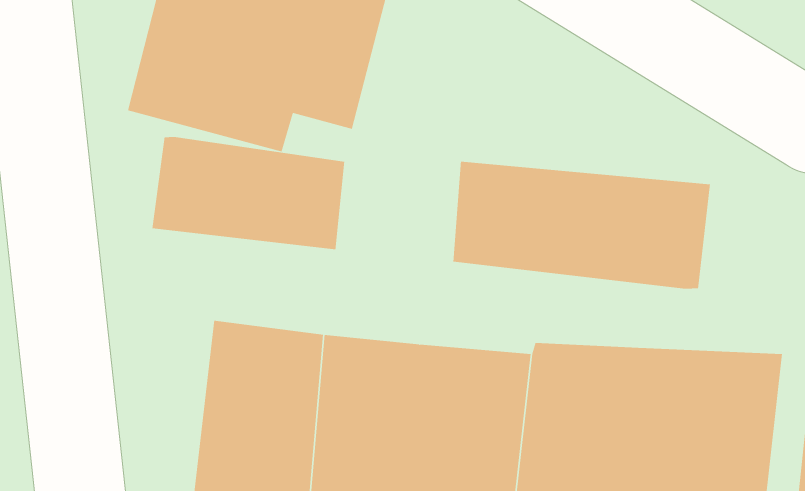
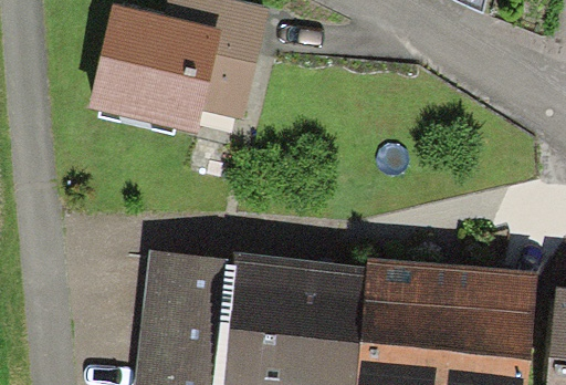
building: [152,136,345,250] -> none
building: [453,161,711,289] -> none

